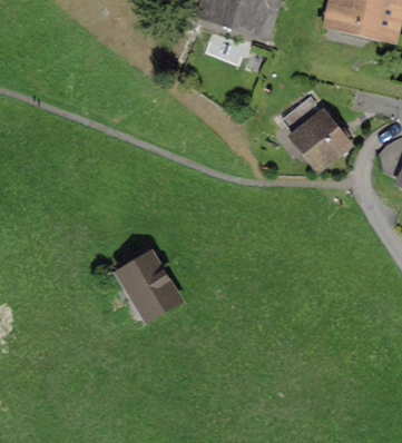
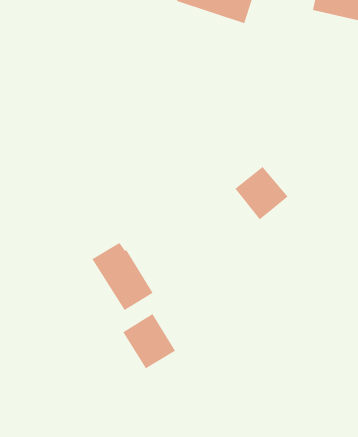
building: [295,110,349,164] -> [235,166,289,220]
building: none -> [123,313,176,369]

